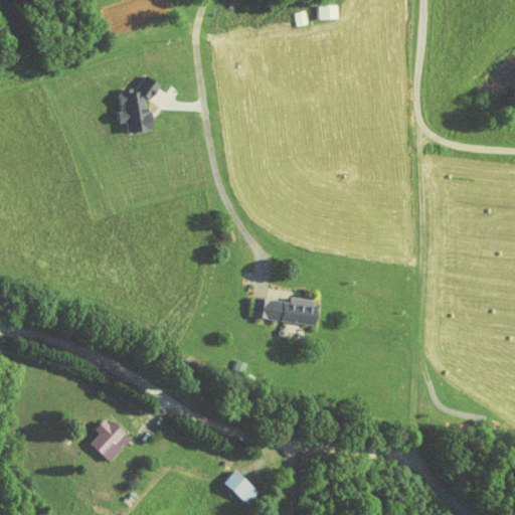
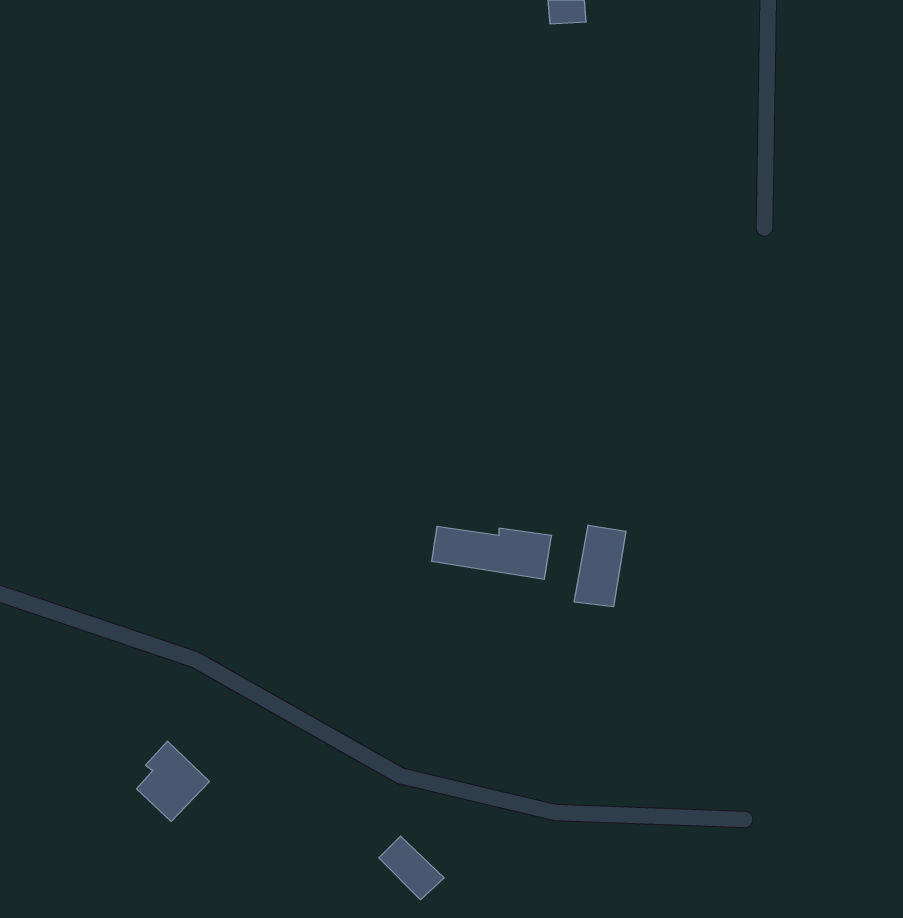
building: [118,79,158,134] -> none
building: none -> [574,525,626,607]

